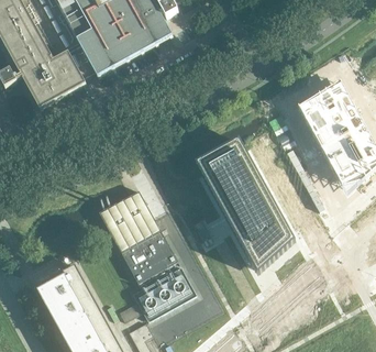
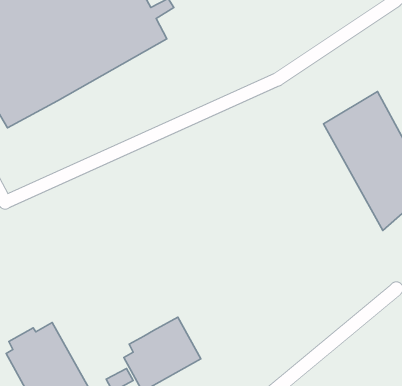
building: [195,138,295,273] -> none
building: [99,189,178,282] -> none

